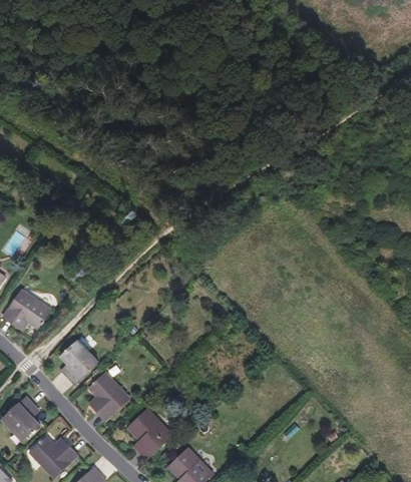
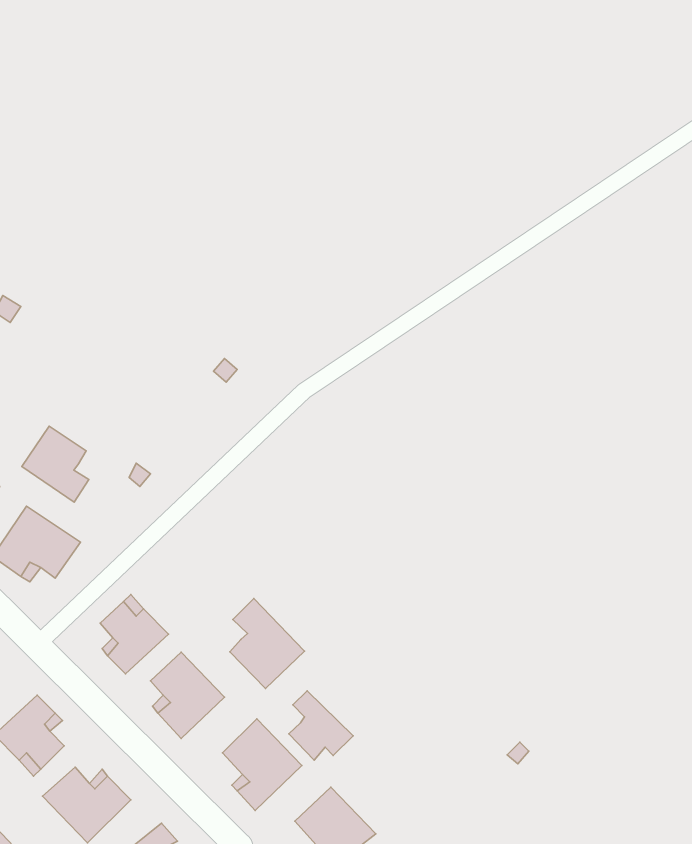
building: none -> [22,426,89,502]
building: none -> [230,598,304,689]
building: none -> [289,691,353,760]

